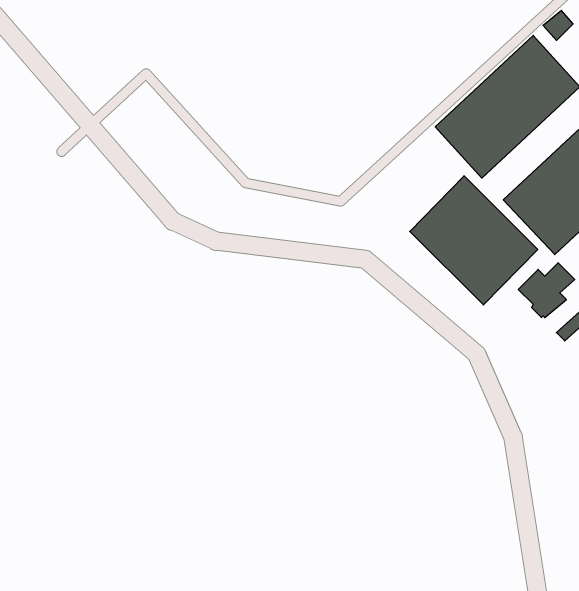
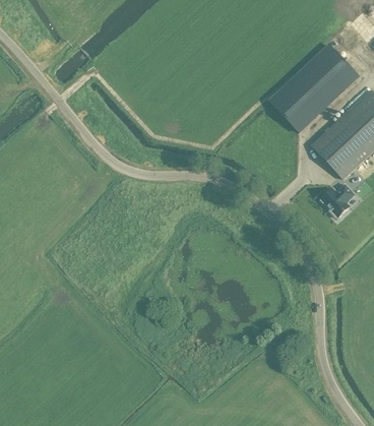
building: [410,176,538,305] -> none

